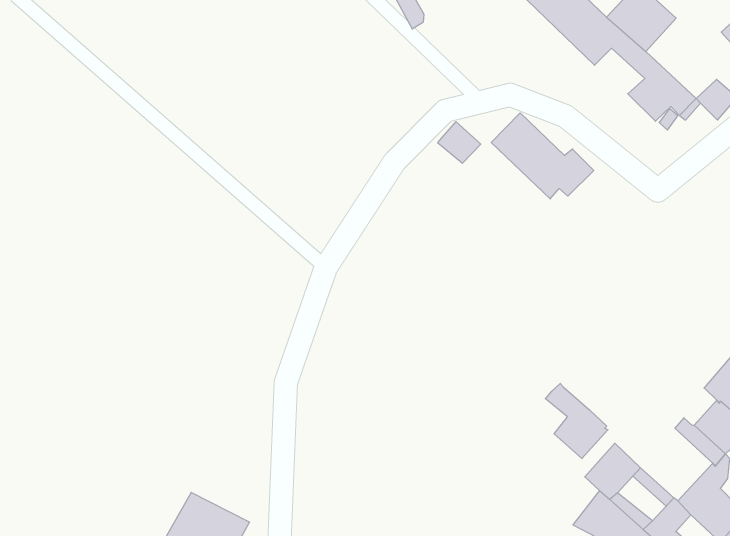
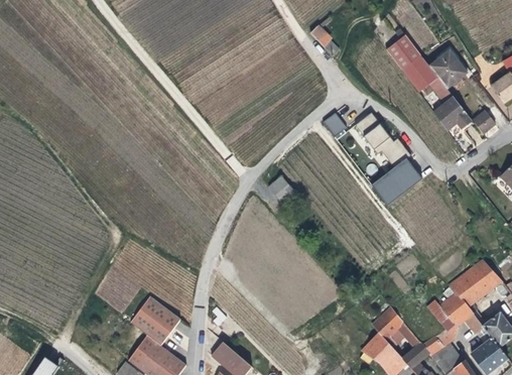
building: none -> [371,158,422,205]
building: none -> [267,174,296,205]
building: [545,383,608,459] -> none

